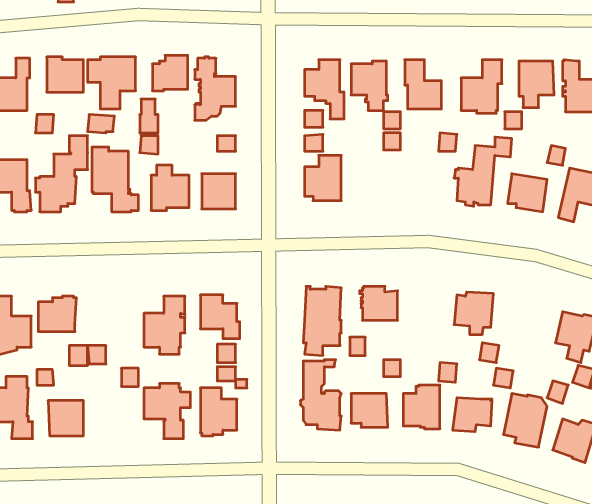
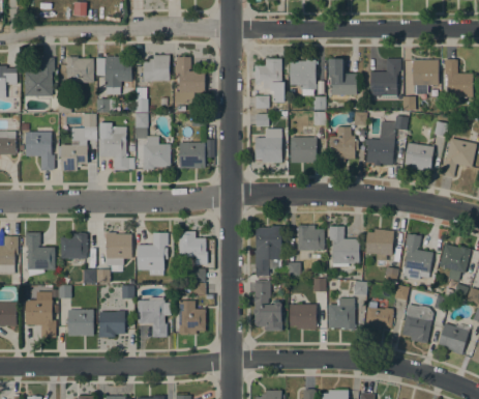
building: none -> [329,126,358,162]
building: none -> [291,137,319,163]
building: none -> [329,226,359,266]
building: none -> [106,232,131,264]
building: none -> [402,233,432,280]
building: none -> [98,310,125,337]

